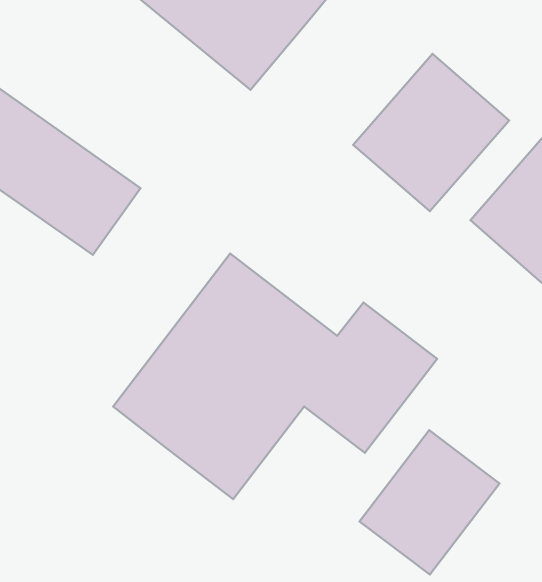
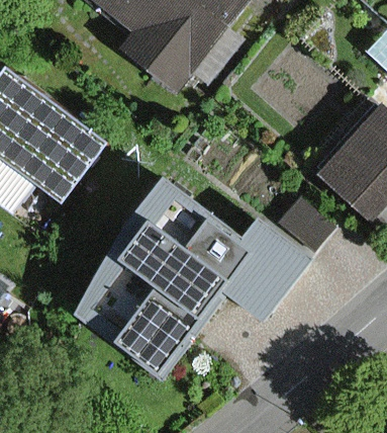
building: [353,54,509,211] -> none
building: [359,430,499,575] -> none

